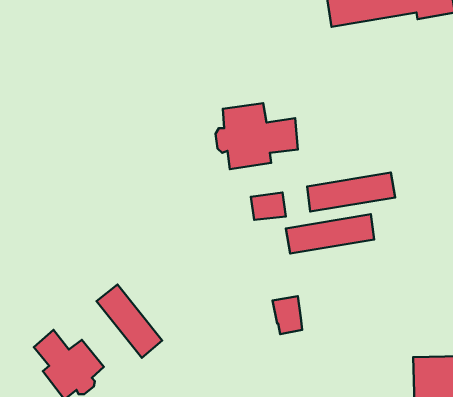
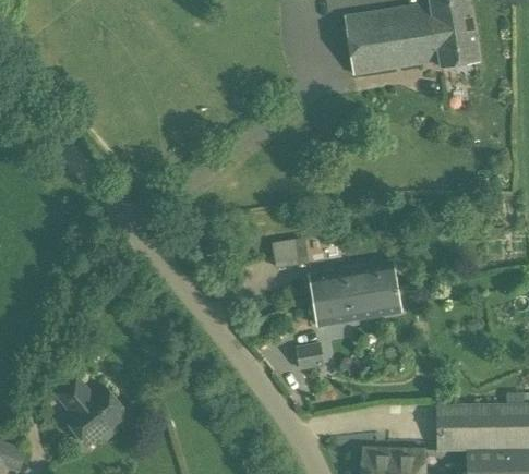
building: [215,103,298,169] -> none
building: [307,172,395,212] -> [312,287,400,326]
building: [96,285,162,358] -> none

